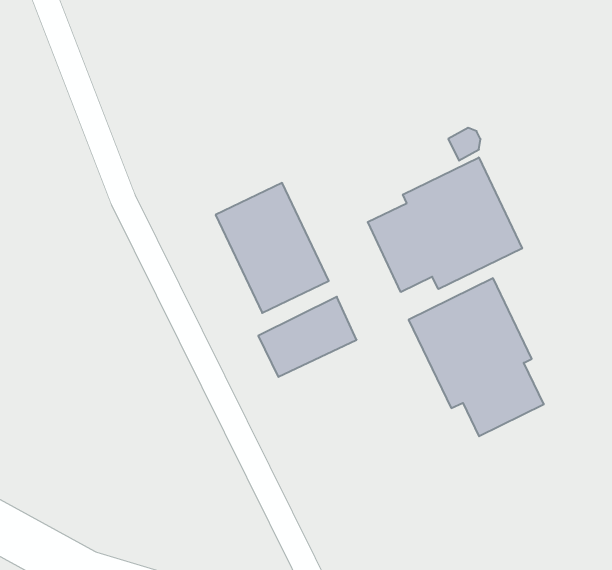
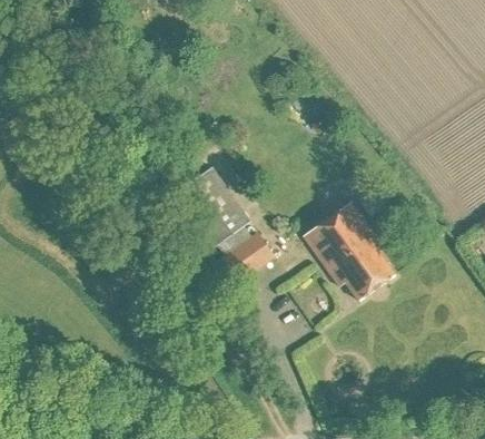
building: [368,157,522,292] -> none

